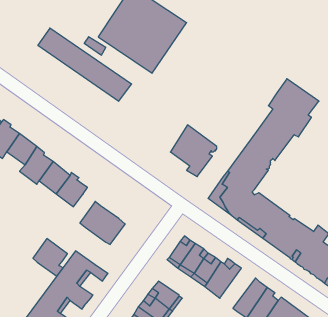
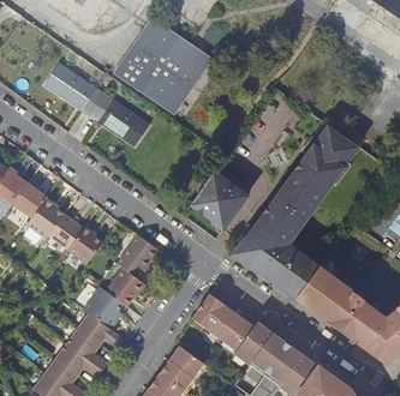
building: none -> [115,234,157,276]
building: [33,239,67,276] -> [83,286,121,328]
building: none -> [249,331,288,376]

